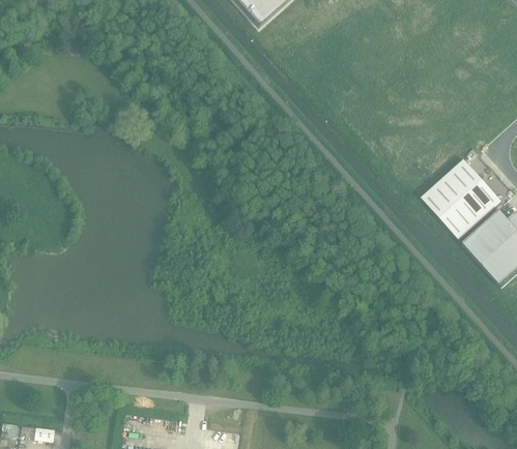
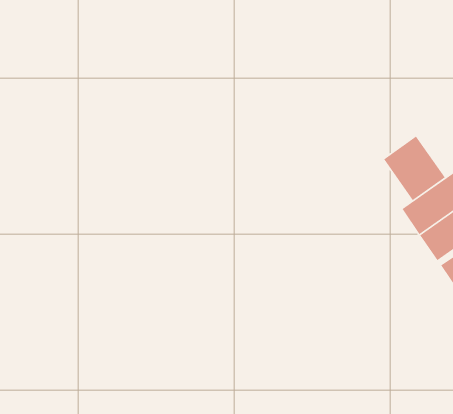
building: none -> [383,136,446,201]

